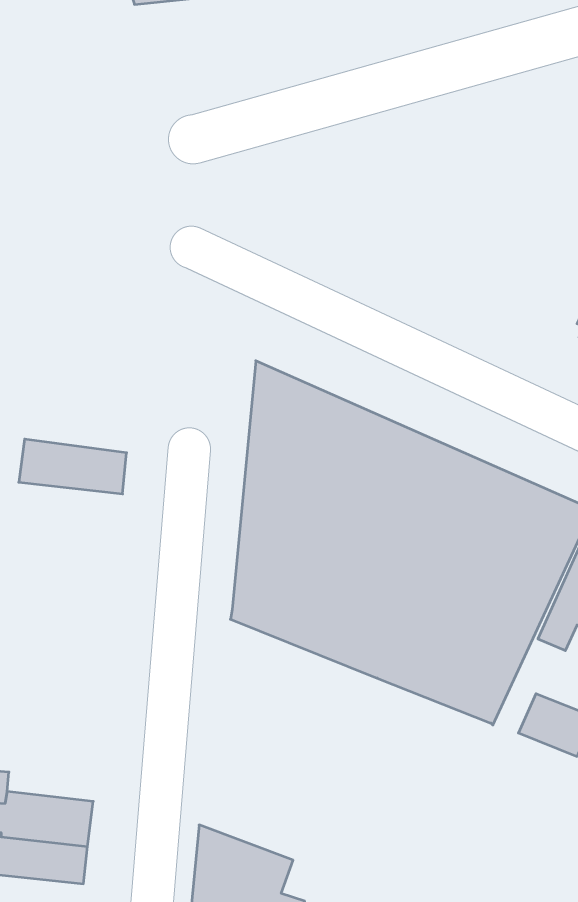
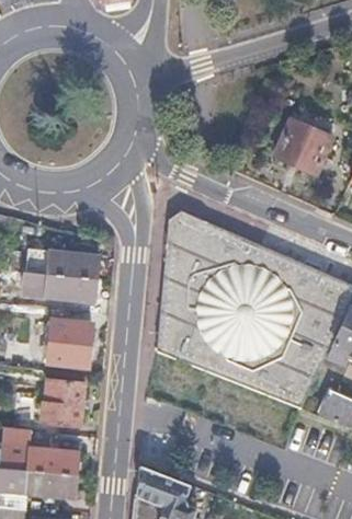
building: none -> [273,120,331,176]
building: none -> [35,272,95,301]
building: none -> [47,319,91,367]
building: none -> [42,379,86,426]

